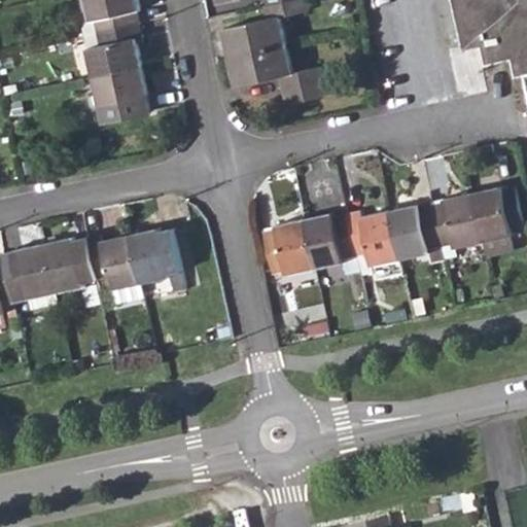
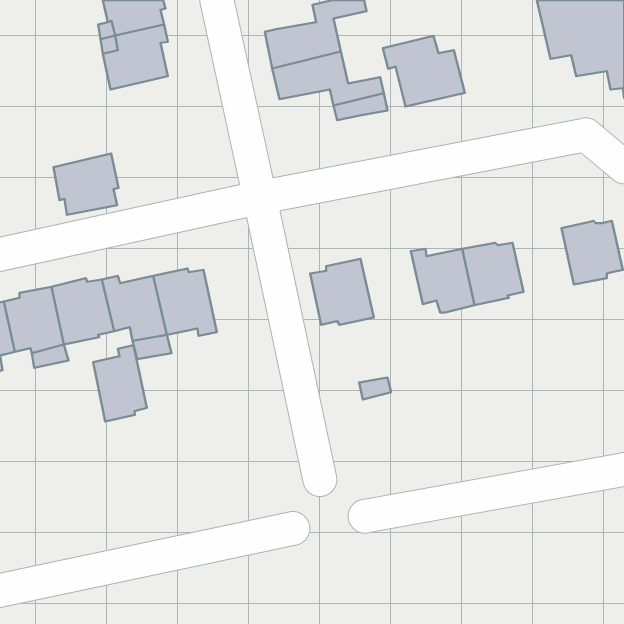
building: none -> [383,36,465,107]
building: [93,66,147,117] -> [53,154,118,215]
building: [430,194,482,248] -> none
building: [303,212,358,276] -> none
building: none -> [93,345,147,421]

